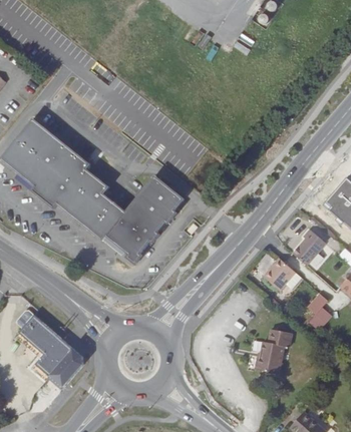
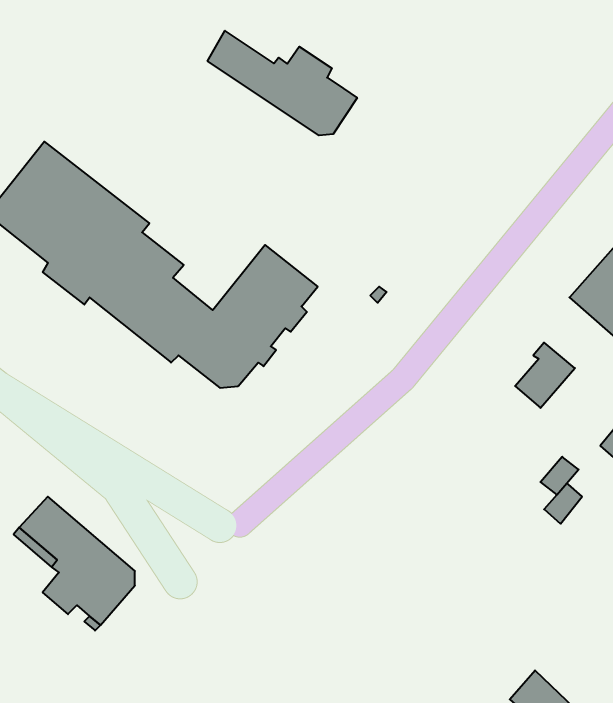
building: none -> [208,31,357,135]
building: [263,258,295,290] -> none
building: [255,329,292,373] -> none

